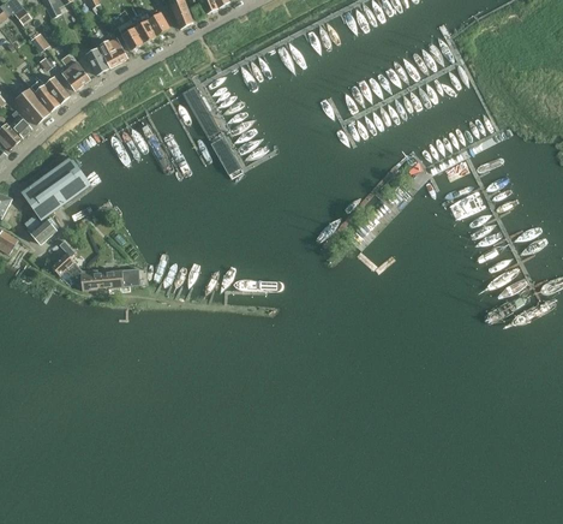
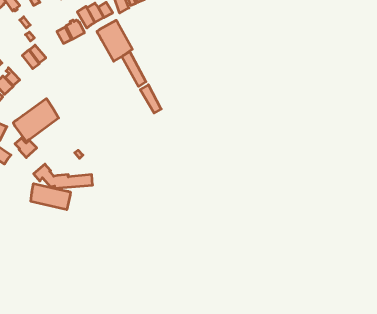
building: none -> [97,20,132,61]
building: [59,52,88,89] -> none
building: [16,88,48,123] -> none
building: none -> [31,184,70,210]

